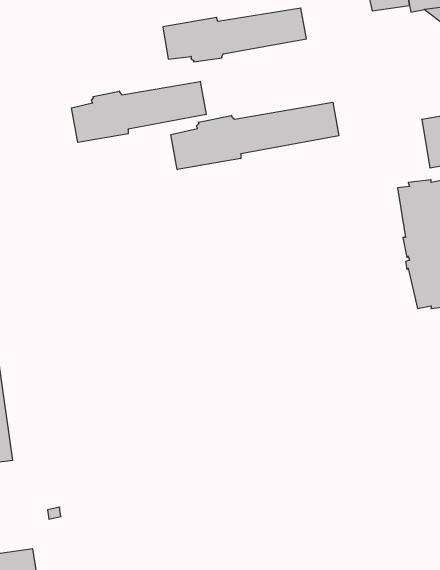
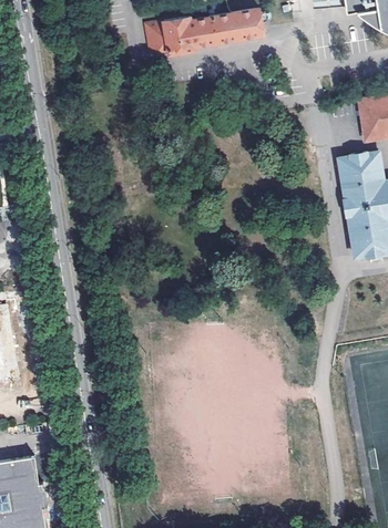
building: [72,81,206,142] -> none
building: [171,102,339,170] -> none

